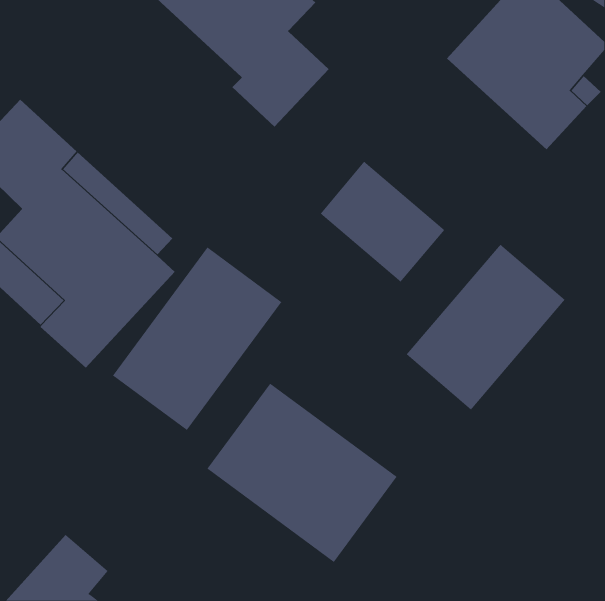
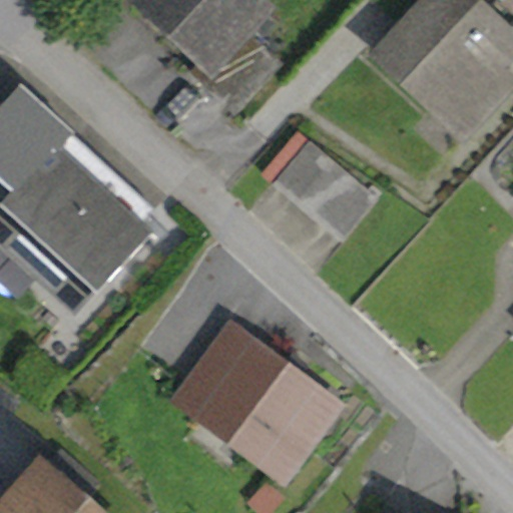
building: [406,244,566,410] -> none
building: [112,247,282,431] -> none

